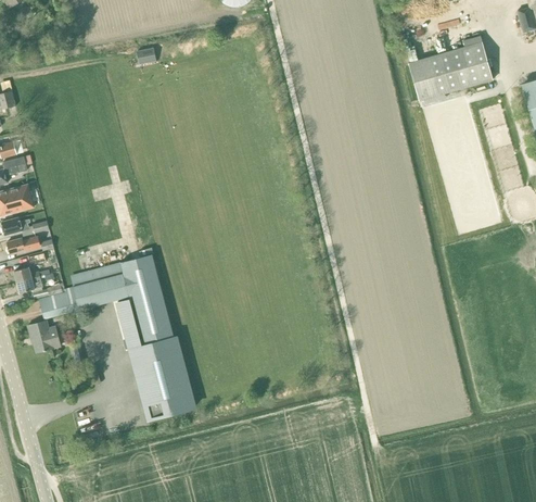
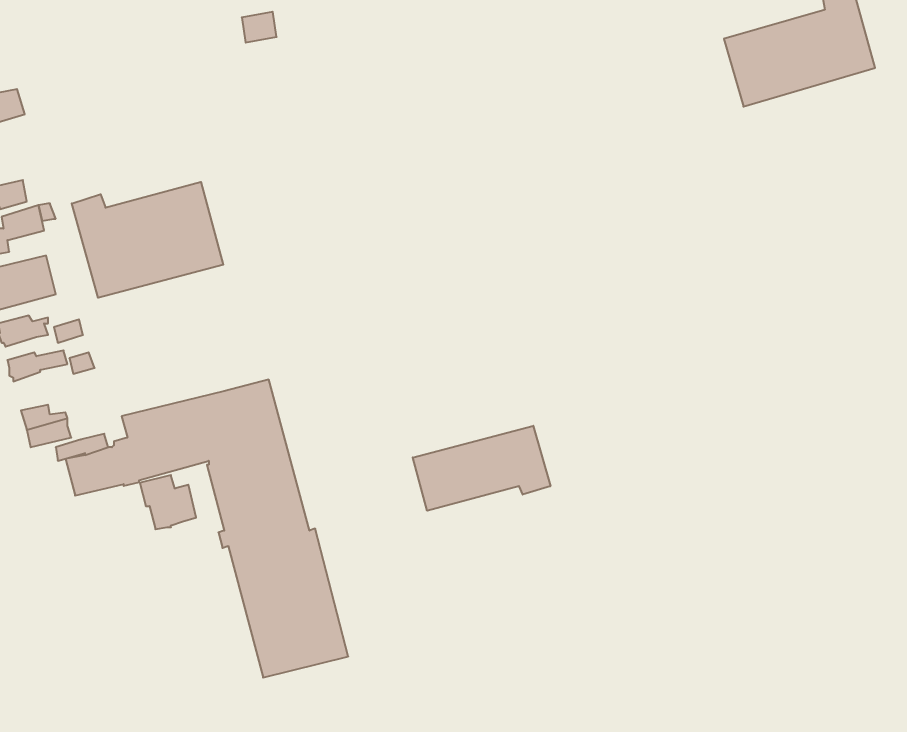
building: none -> [72,182,223,298]
building: none -> [413,426,550,511]
building: [27,322,59,352] -> [140,475,196,529]

